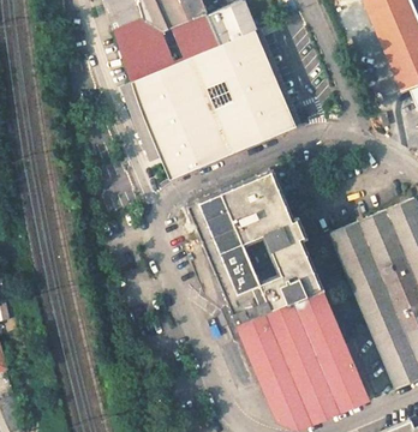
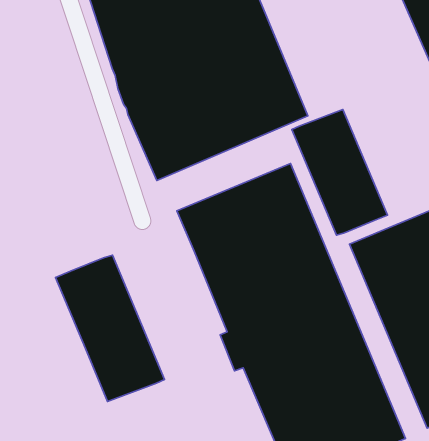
building: none -> [292,110,387,235]
building: none -> [56,255,164,402]

